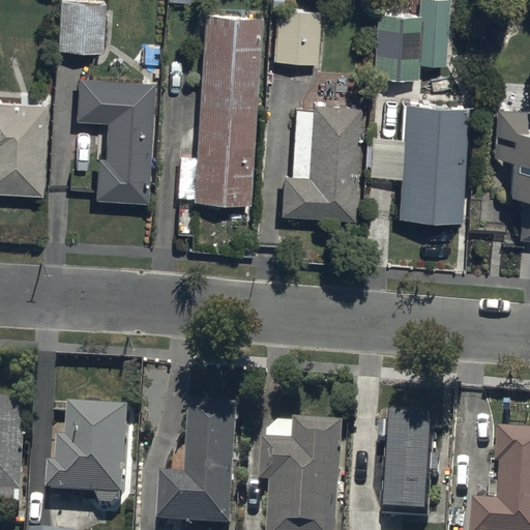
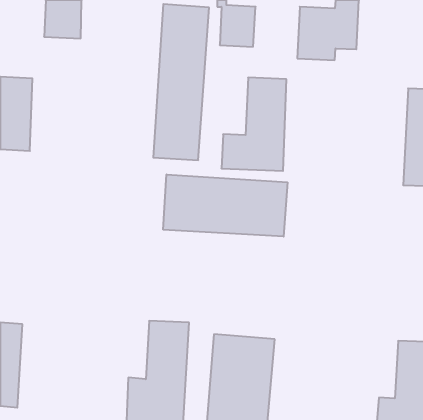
building: [77,79,154,202] -> none
building: [396,101,467,220] -> none
building: none -> [163,174,287,237]
building: [49,412,131,502] -> none
building: [382,414,438,521] -> none

